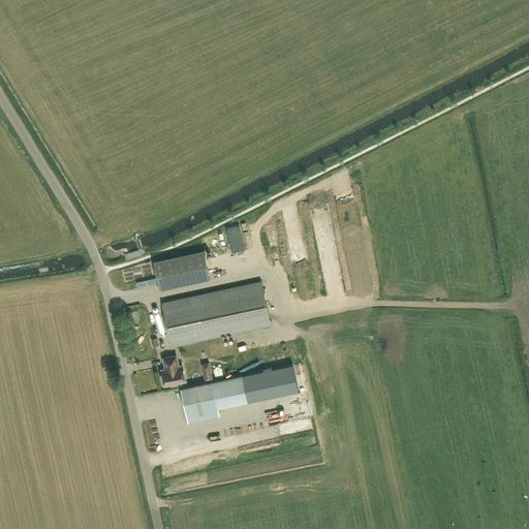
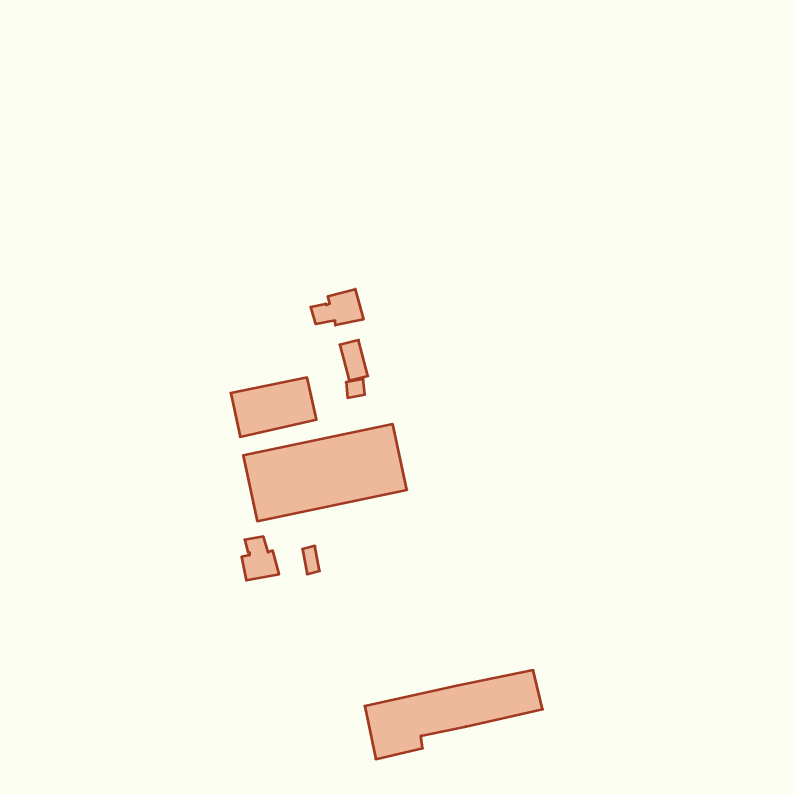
building: none -> [311,289,363,325]
building: [180,366,298,425] -> [365,670,543,759]

